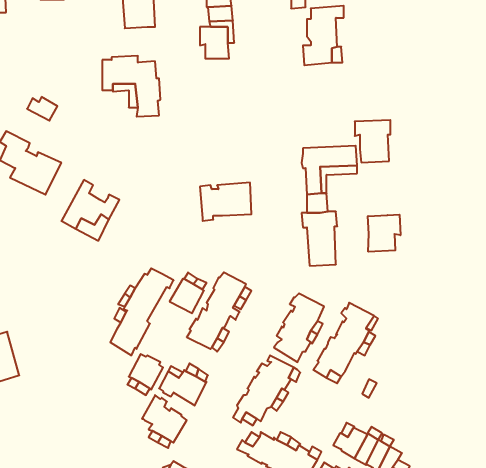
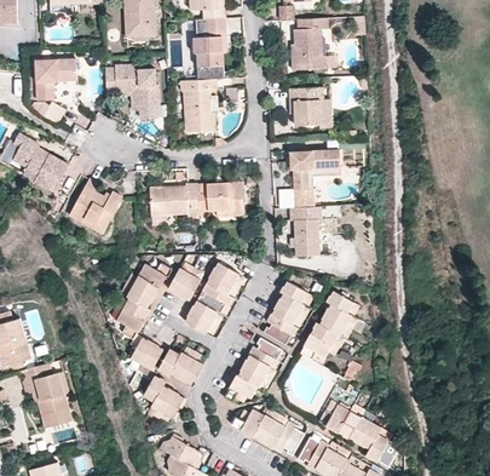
building: none -> [35,59,75,101]
building: none -> [179,79,217,132]
building: [355,120,390,162] -> [289,87,322,126]
building: none -> [149,182,198,217]
building: [368,215,400,252] -> none
building: none -> [19,362,73,430]

